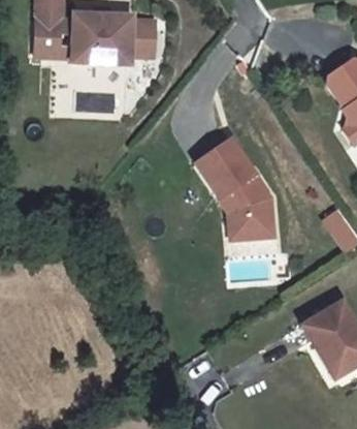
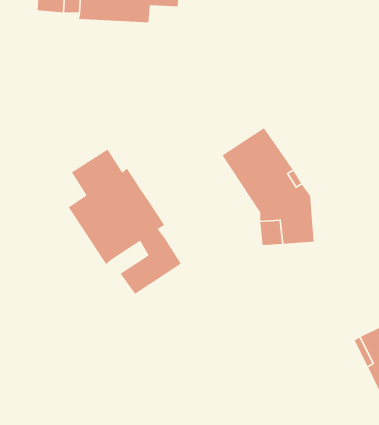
building: none -> [68,148,182,295]

